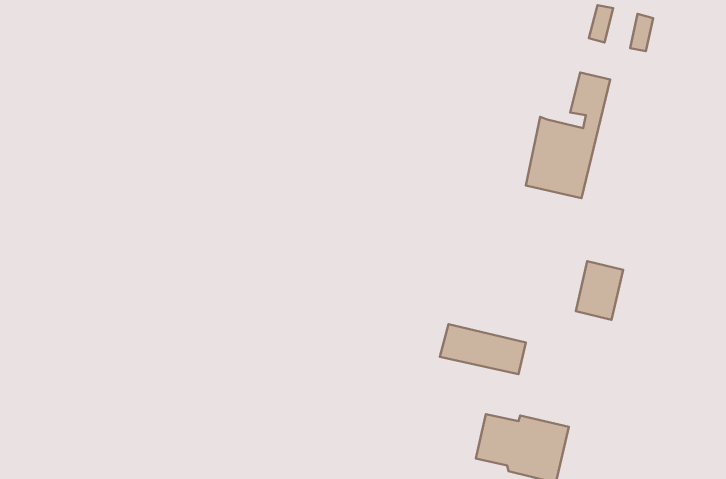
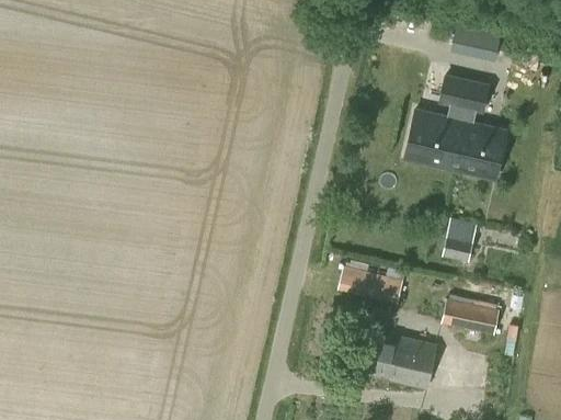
building: none -> [447,78,510,181]
building: none -> [442,297,501,334]

